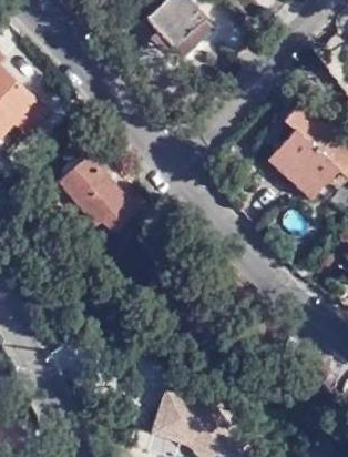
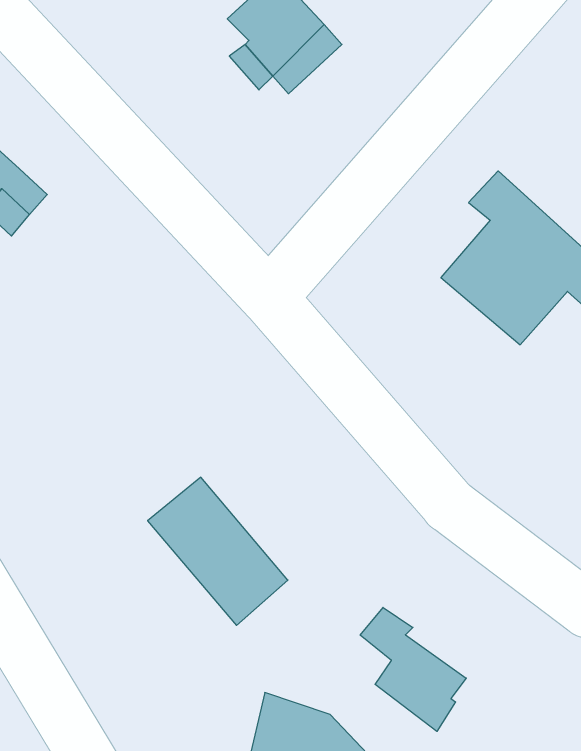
building: [59,154,137,237] -> [148,477,288,625]
building: none -> [360,607,466,731]

